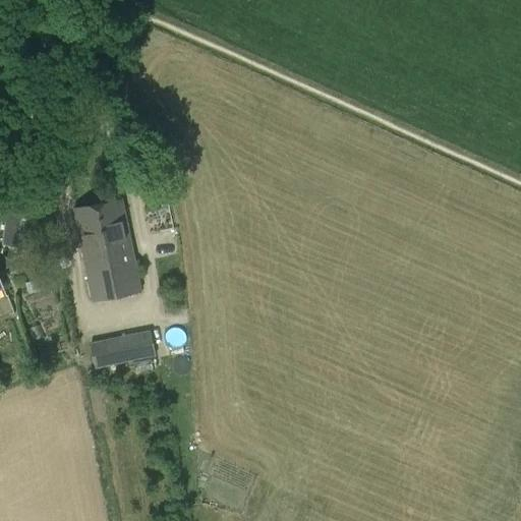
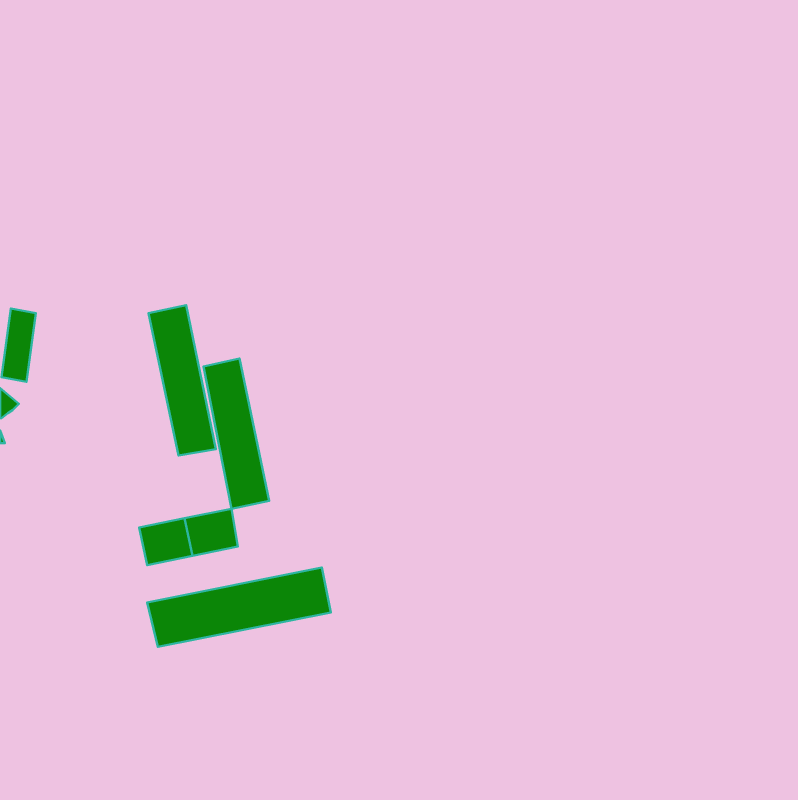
building: [74,204,117,301] -> [203,359,269,509]
building: none -> [147,567,331,647]

